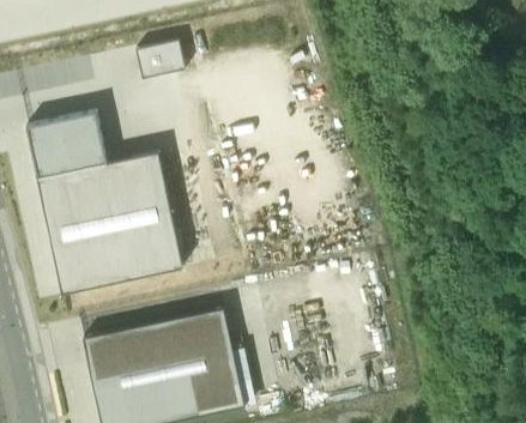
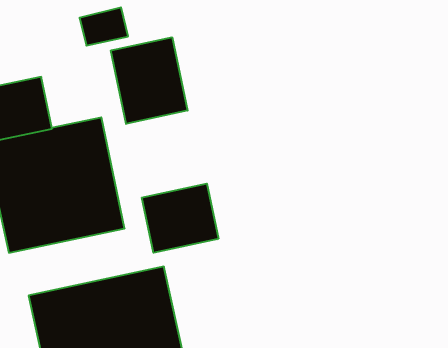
building: none -> [111,37,188,124]
building: none -> [142,184,218,253]

